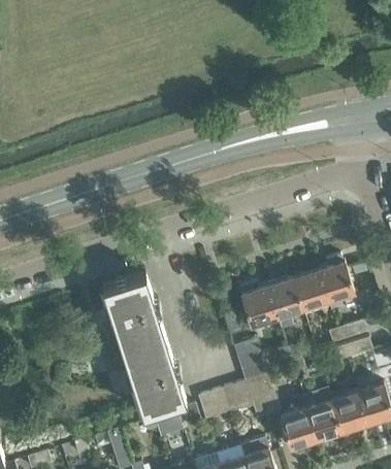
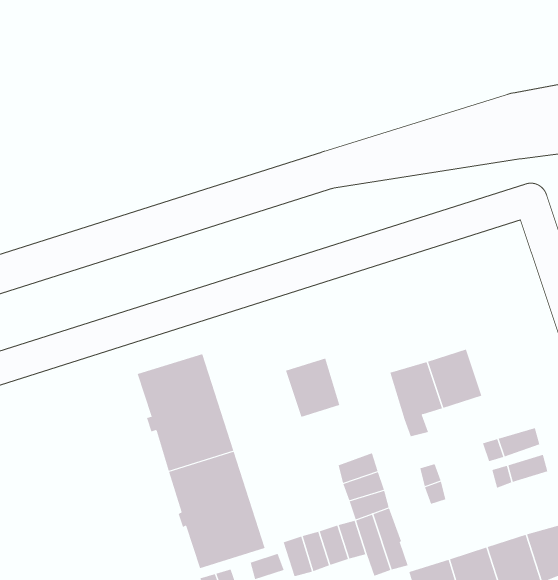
building: [318,263,354,302] -> none
building: [240,287,276,326] -> [285,358,340,418]

